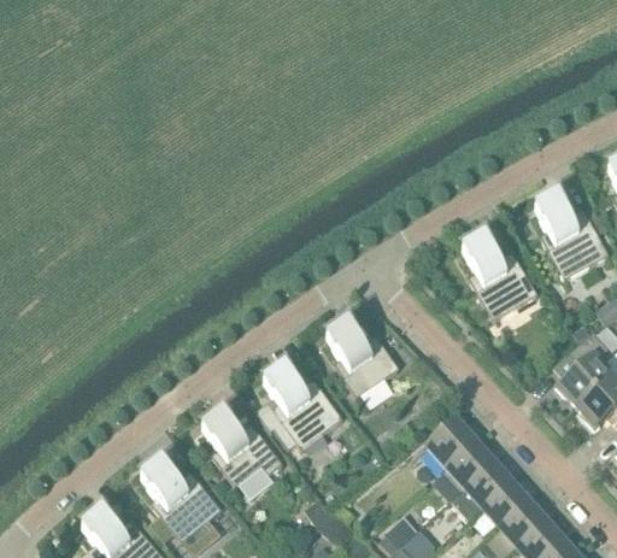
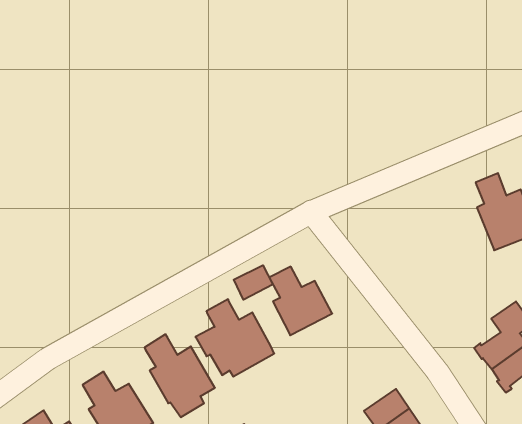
building: [460,233,536,316] -> none
building: none -> [234,265,273,300]
building: [425,418,476,464] -> none

